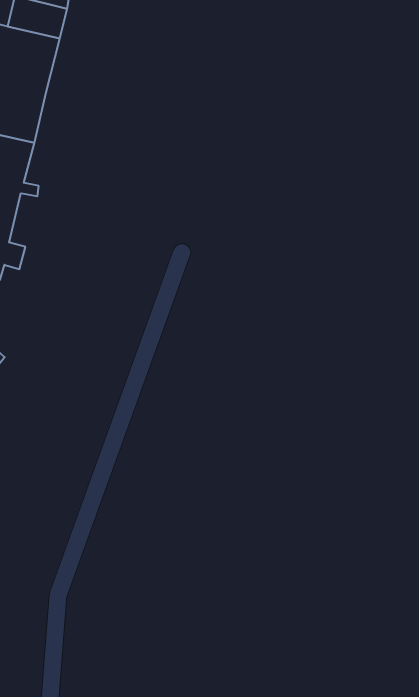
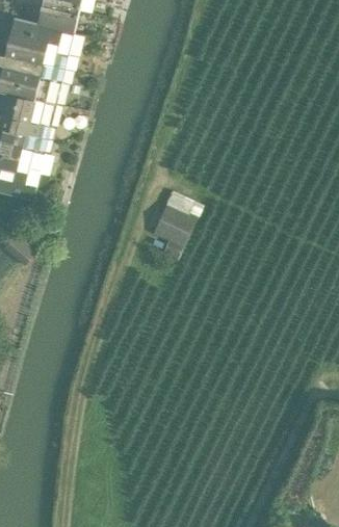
building: none -> [151,205,195,260]

